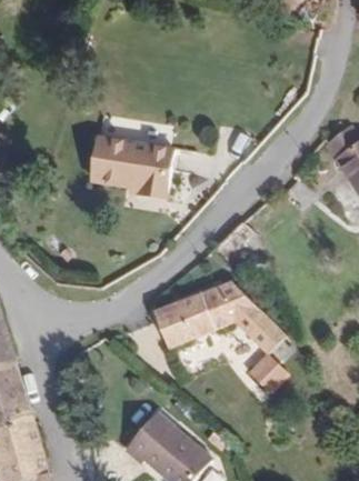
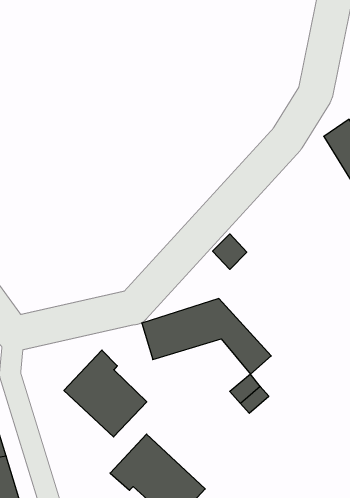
building: [91,134,179,204] -> none
building: none -> [64,350,147,437]

